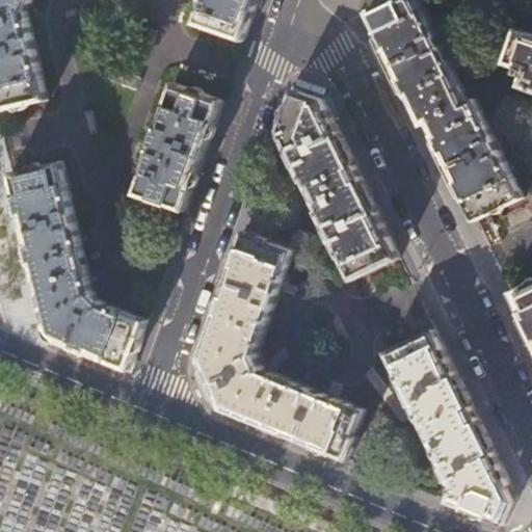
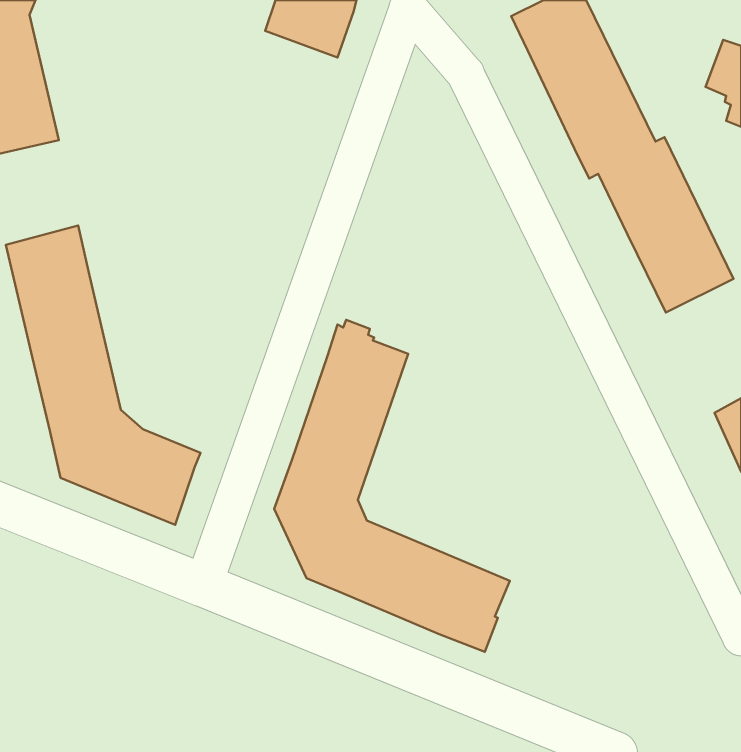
building: [129,82,217,212] -> none
building: [272,89,394,281] -> none
building: [379,325,509,525] -> none

